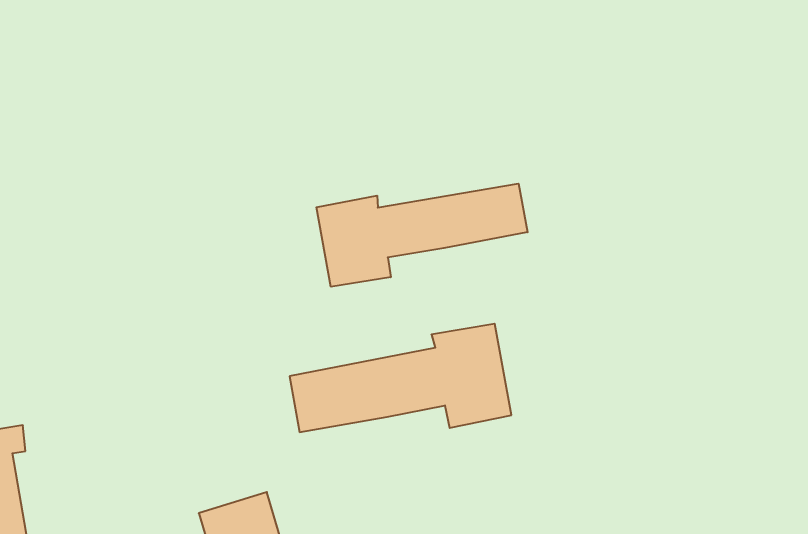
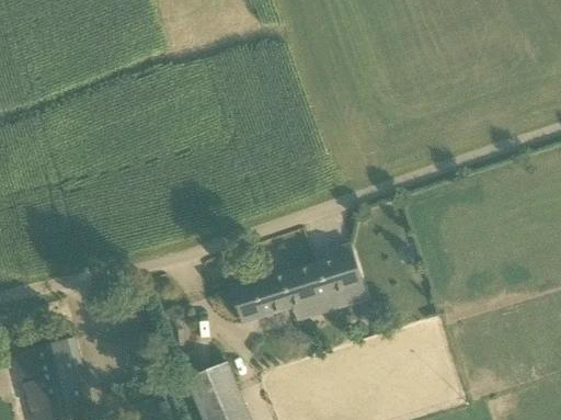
building: [316,184,528,287] -> none

